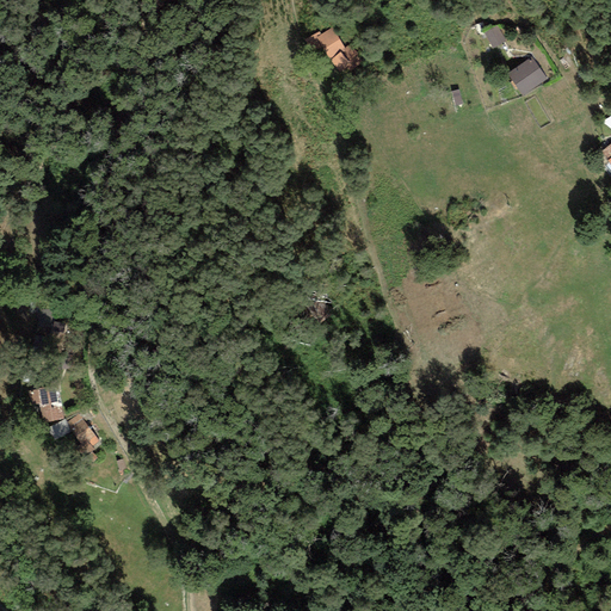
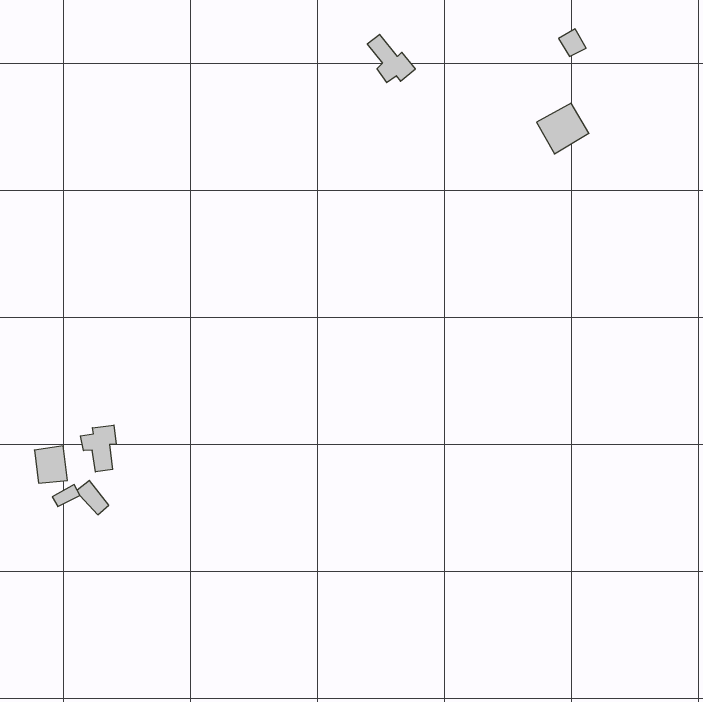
building: [504,54,549,98] -> [537,103,589,154]
building: none -> [80,425,116,472]

